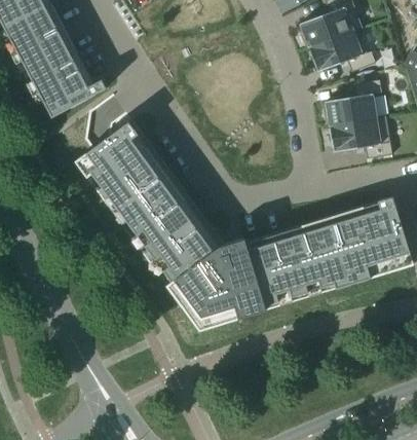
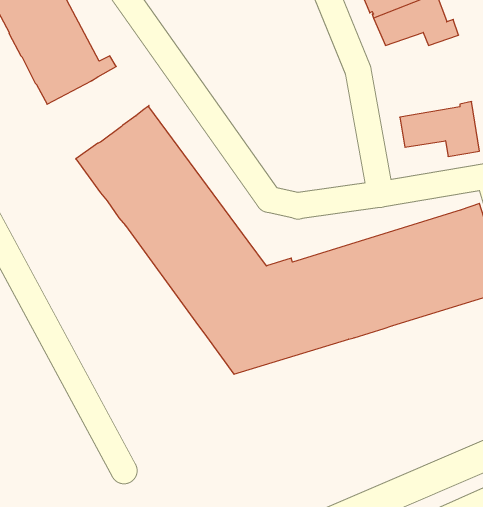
building: [323,79,381,127] -> none

